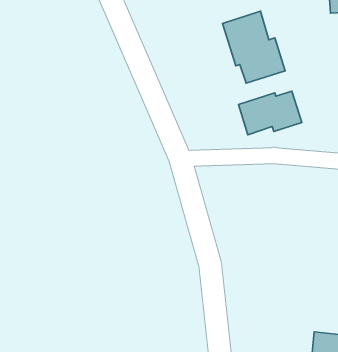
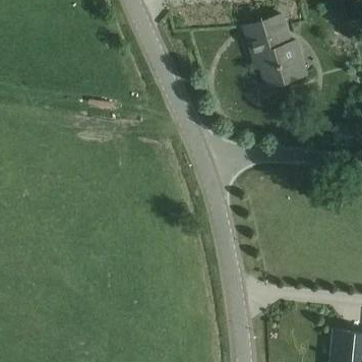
building: [239,91,302,135] -> none

